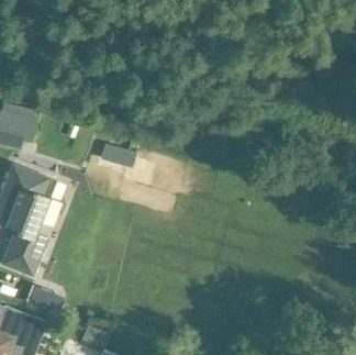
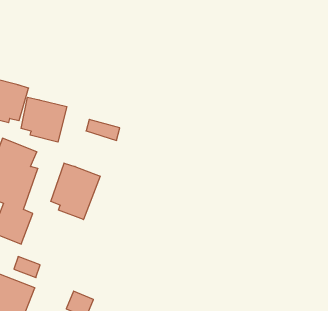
building: none -> [21,97,67,142]
building: none -> [51,163,100,220]

